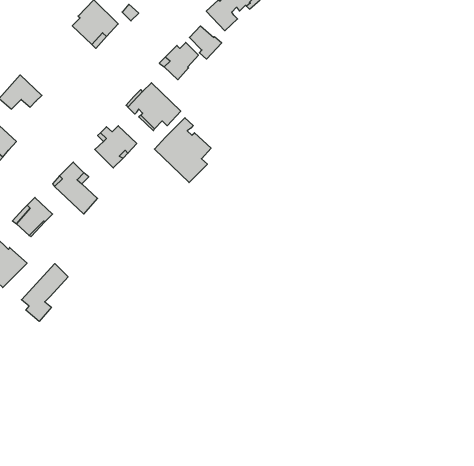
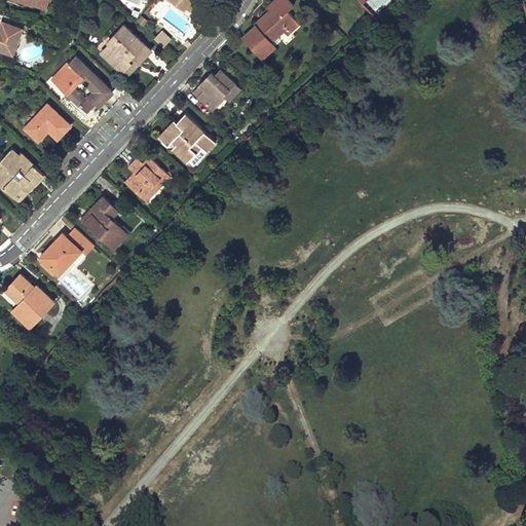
building: [189,26,222,59] -> none
building: none -> [54,57,111,114]
building: [154,118,211,183] -> none
building: [21,264,68,321] -> none

